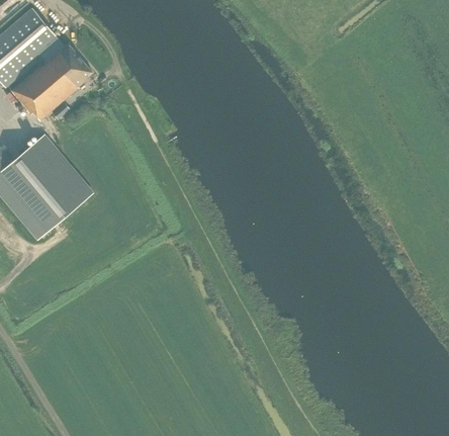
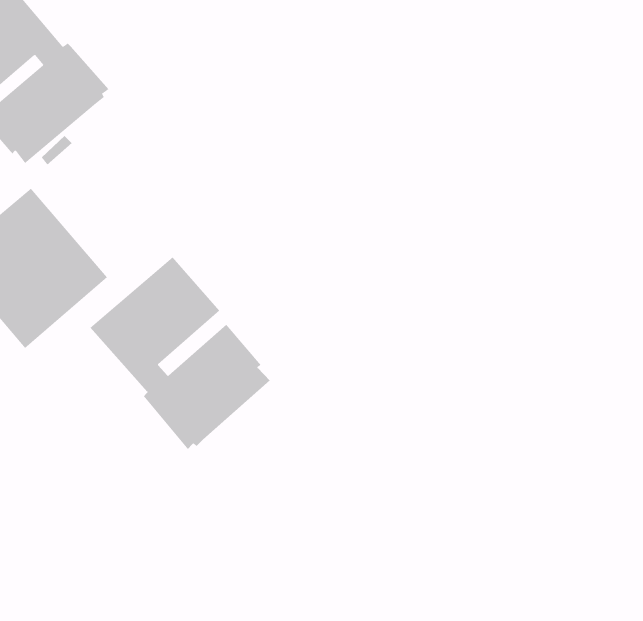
building: none -> [90,257,271,450]

